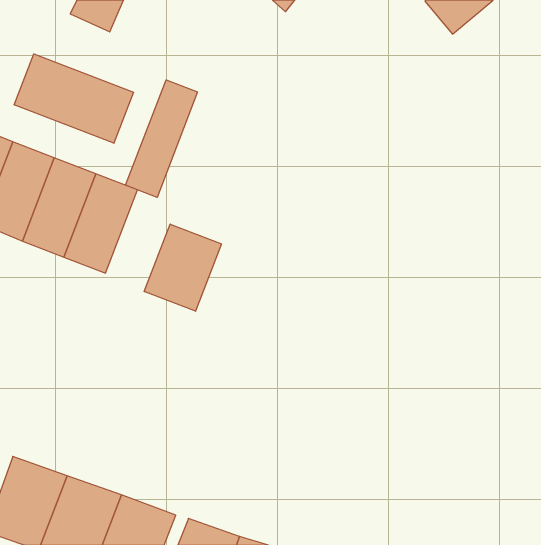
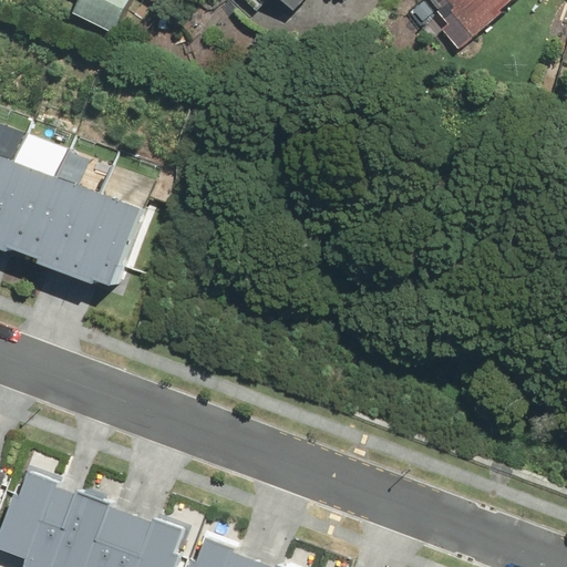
building: [14,54,133,143] -> none
building: [126,80,198,197] -> none
building: [144,224,222,311] -> none

